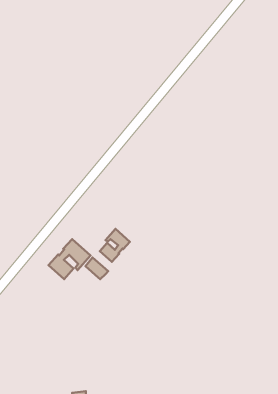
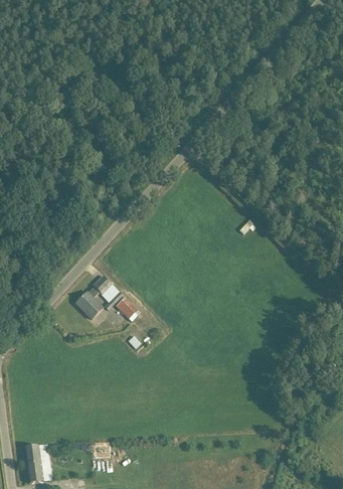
building: [100,229,130,262] -> none

